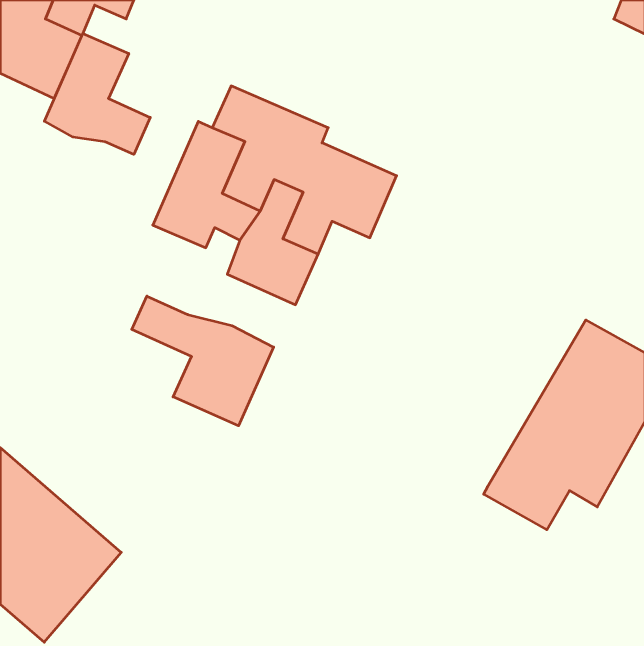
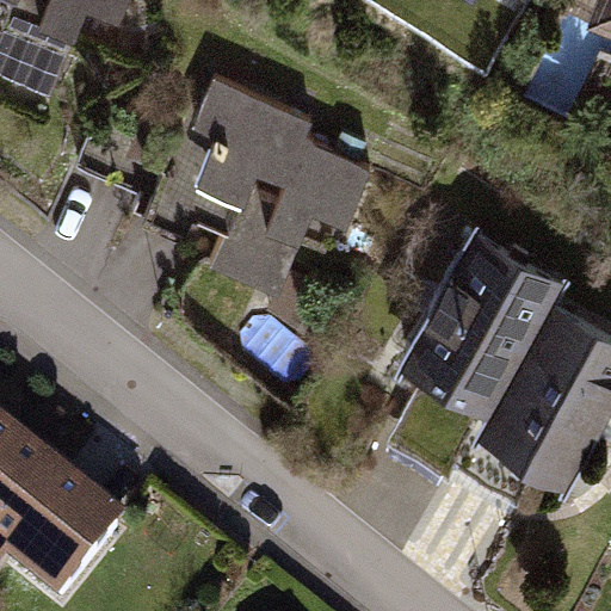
building: [44,34,150,154] -> none
building: none -> [401,229,567,459]
building: [132,296,274,426] -> none

